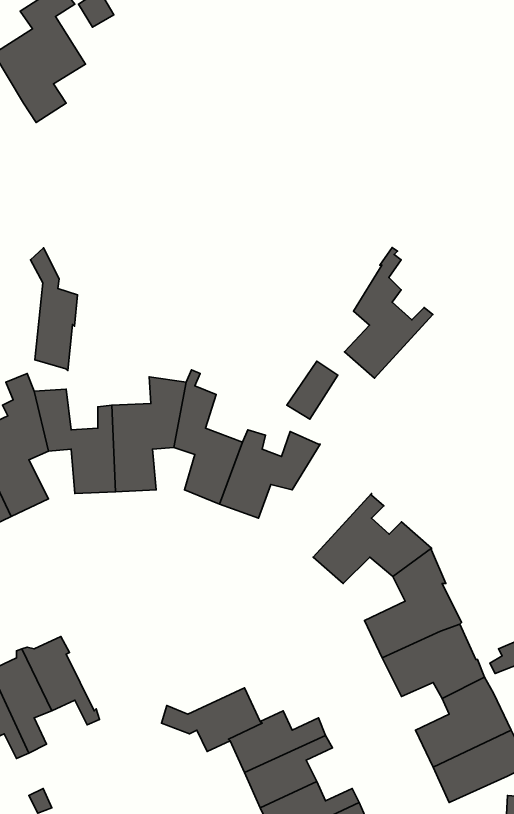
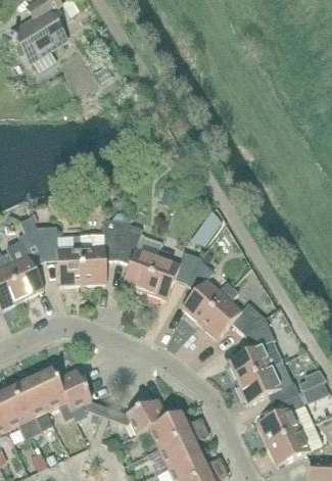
building: [345,248,433,378] -> [181,247,232,323]
building: [31,248,78,370] -> none
building: none -> [55,369,105,416]

